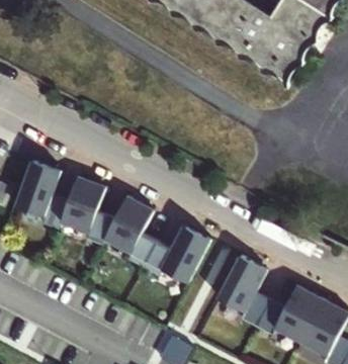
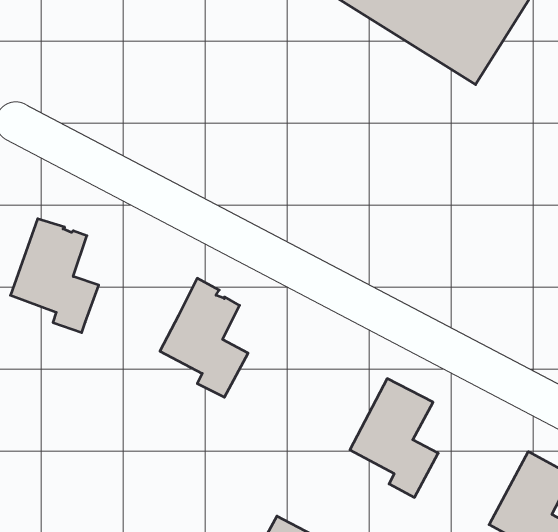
building: [58,176,113,244] -> none
building: [141,224,208,282] -> none
building: [254,284,322,342] -> none

